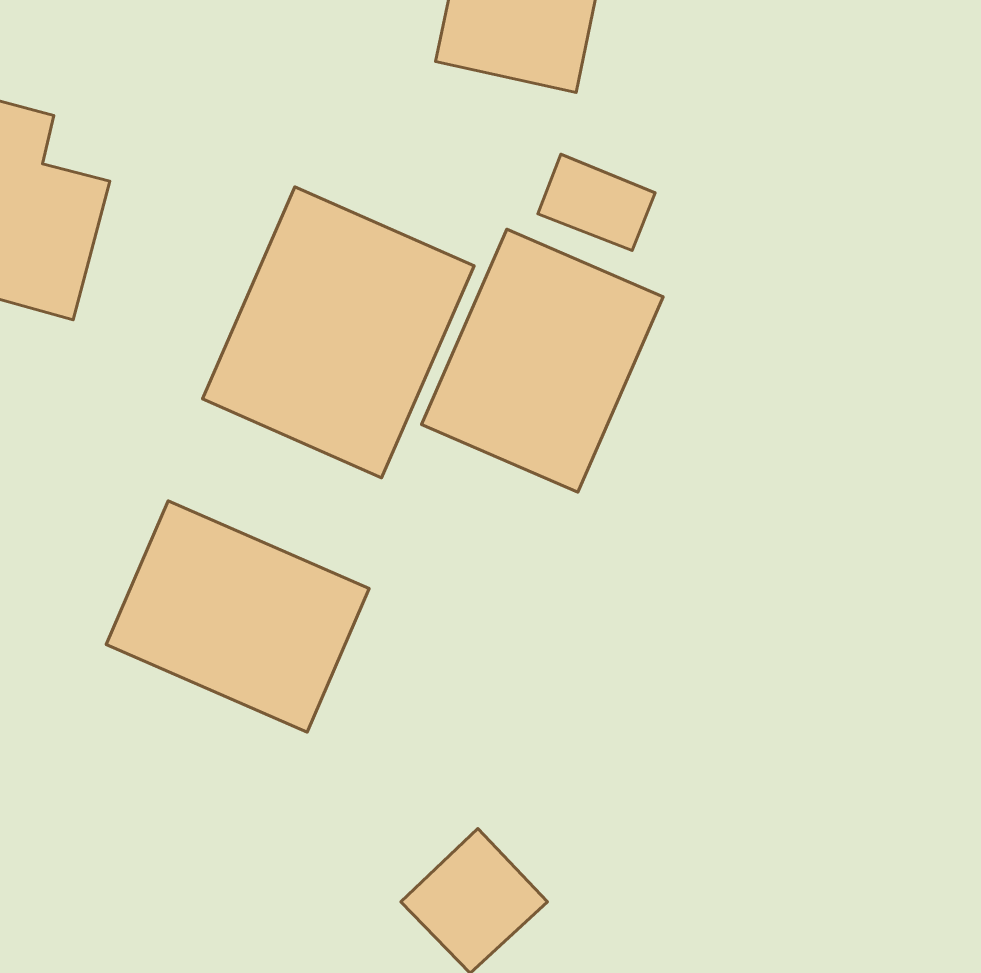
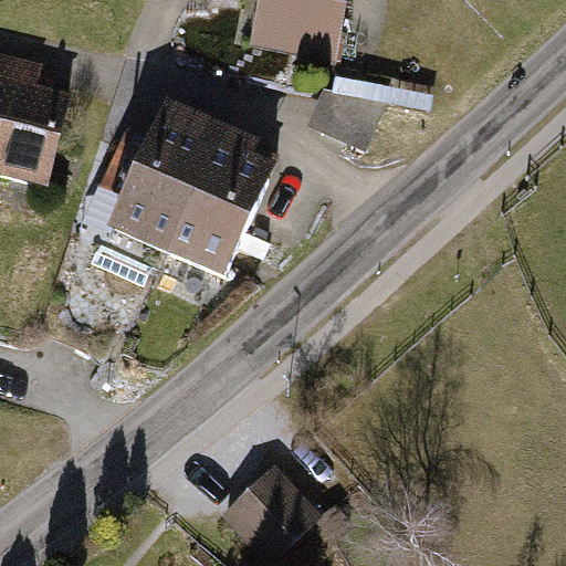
building: [422,229,663,492] -> none
building: [106,501,369,732] -> none

